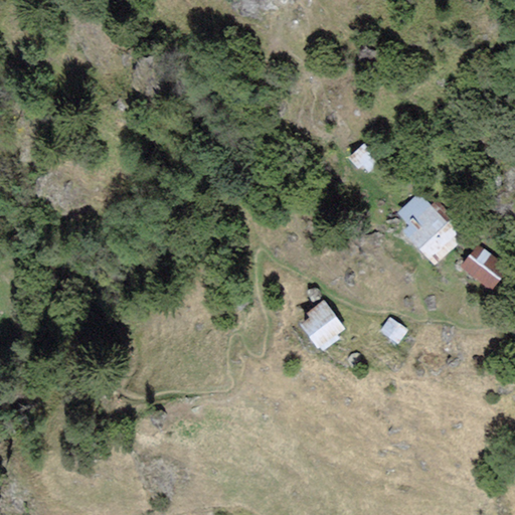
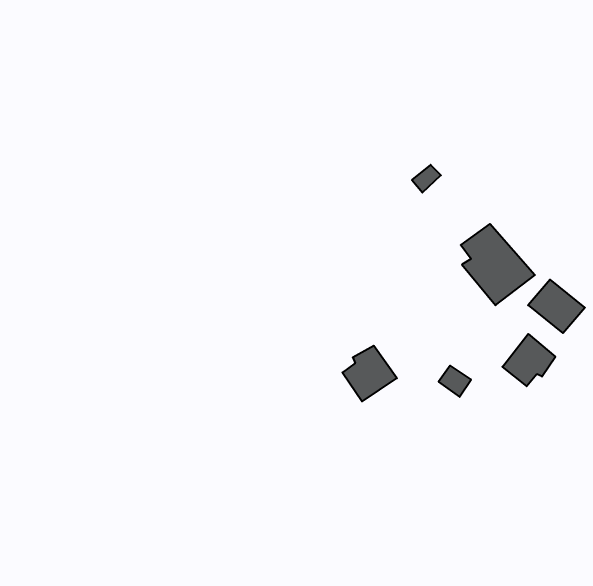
building: none -> [502,334,555,386]

